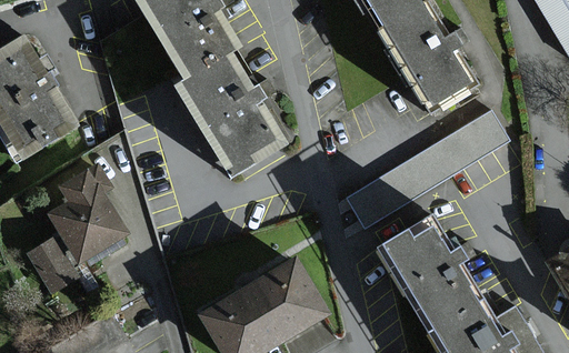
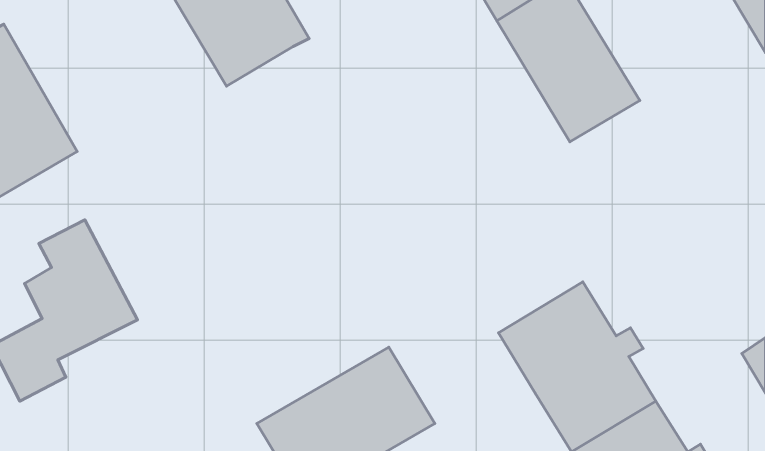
building: [179,47,289,172] -> none
building: [345,109,510,229] -> none

